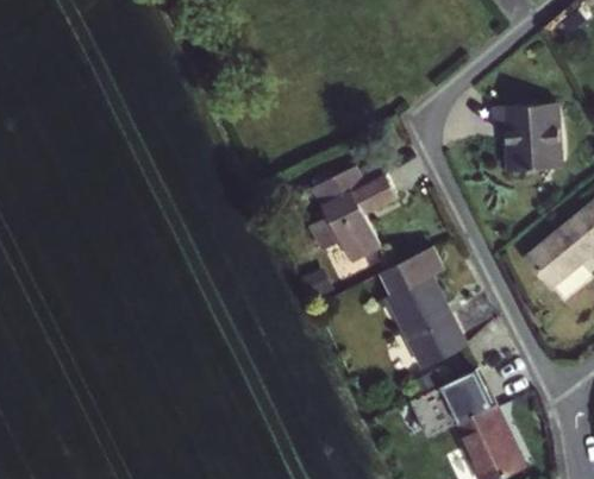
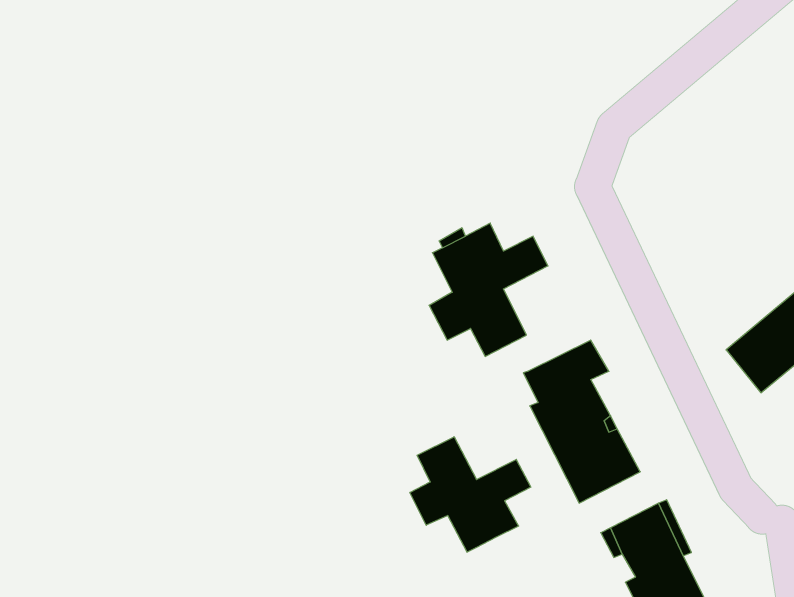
building: [496,102,563,171] -> none
building: none -> [410,437,531,552]

